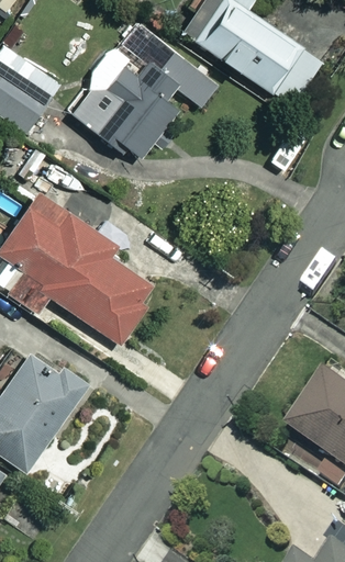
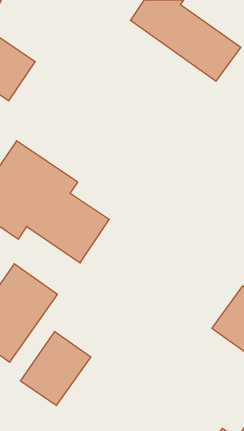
building: [70,31,220,164] -> none
building: none -> [21,331,91,406]

